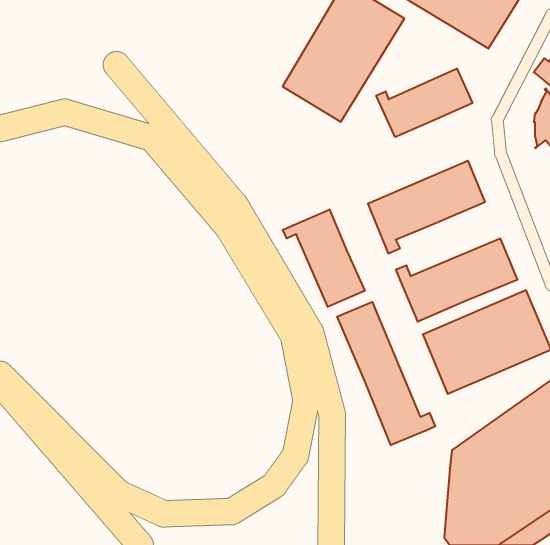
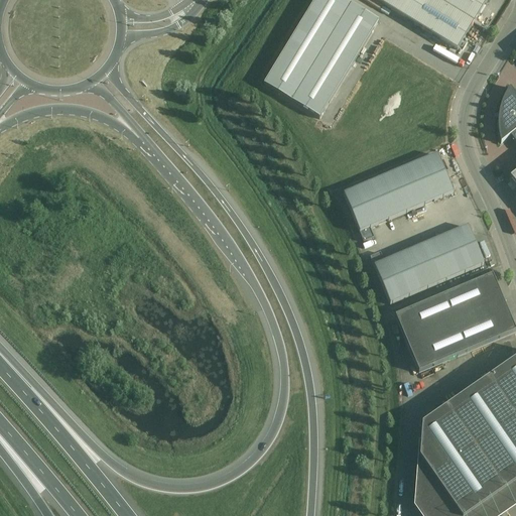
building: [376,68,472,137] -> none
building: [283,209,365,307] -> none
building: [337,302,435,445] -> none

